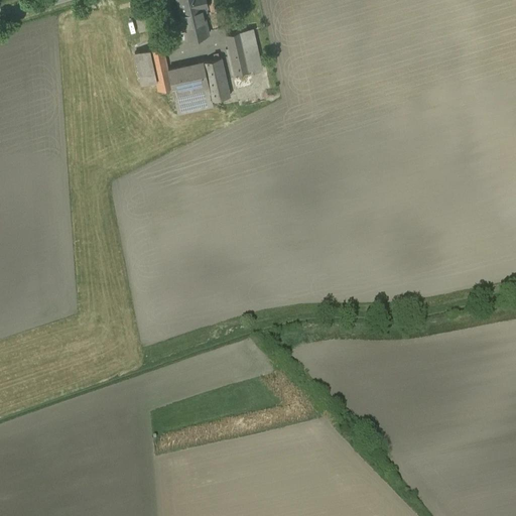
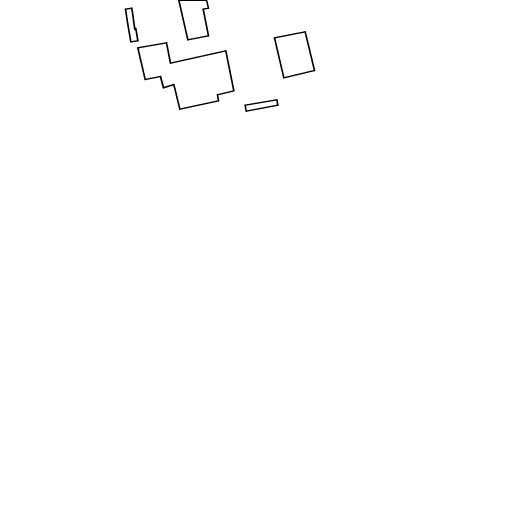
building: [225,28,264,74] -> [275,32,314,78]

